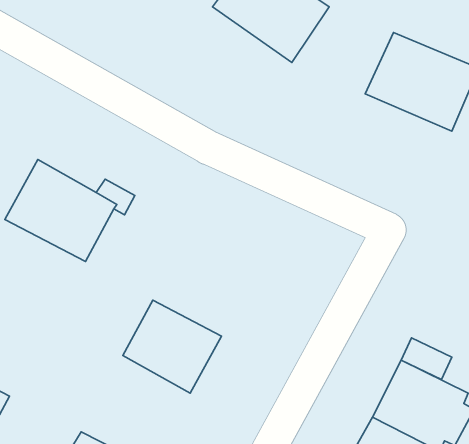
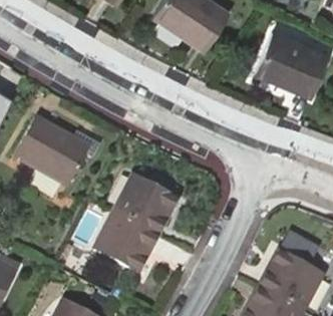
building: none -> [111,175,178,237]

